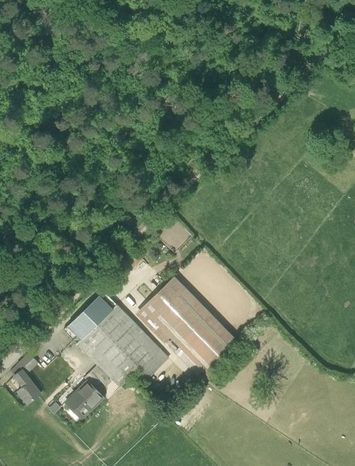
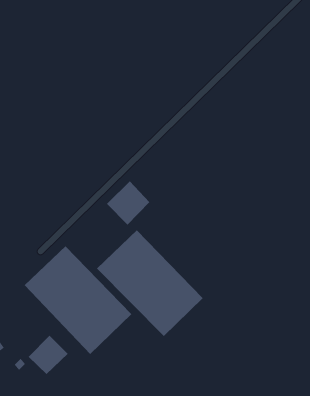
building: none -> [106,181,150,225]

